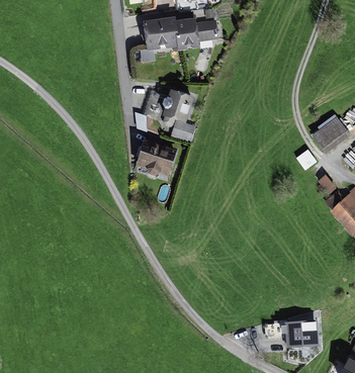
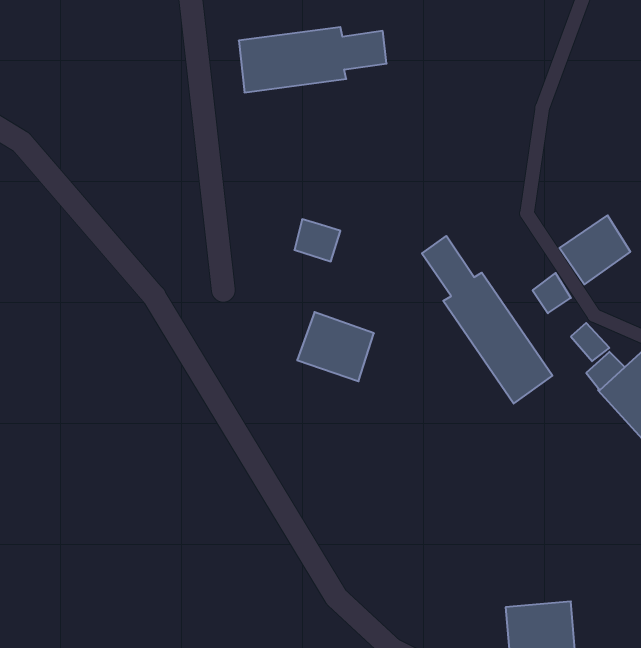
building: [163,92,192,122] -> none
building: none -> [422,236,552,404]
building: [137,139,177,176] -> [297,312,374,381]

